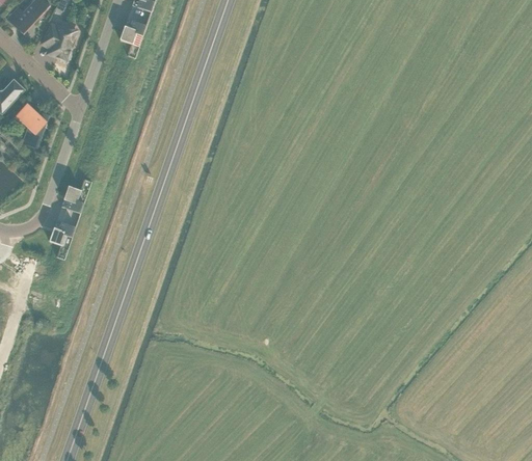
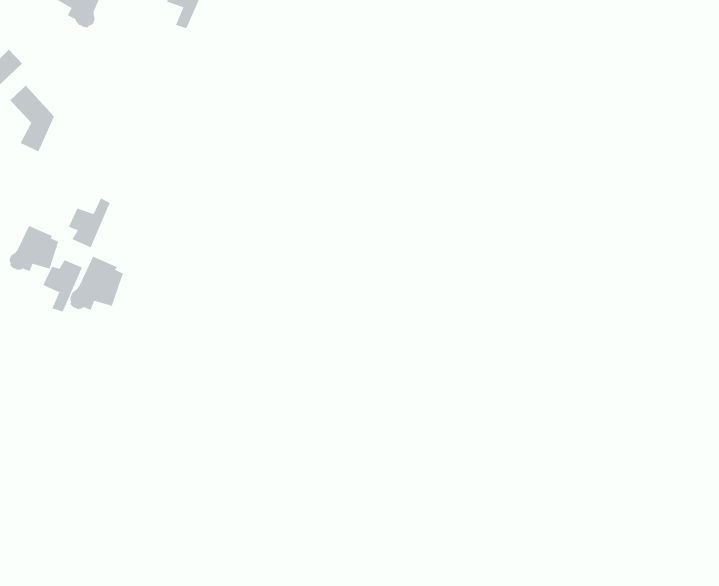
building: none -> [9,225,59,272]
building: none -> [70,256,123,310]

